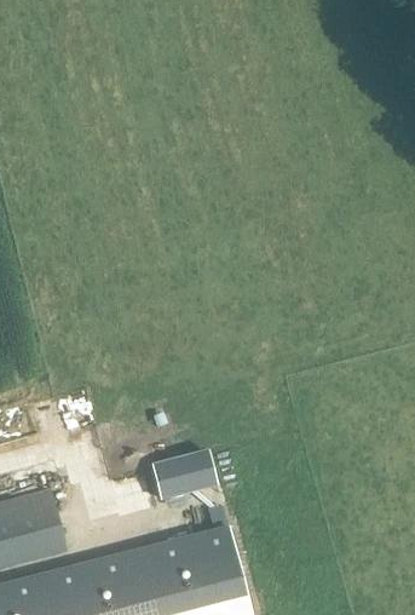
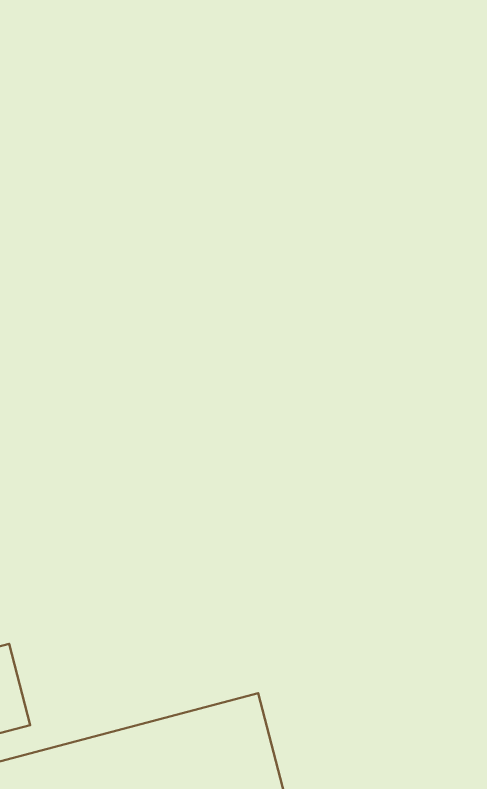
building: [152,449,217,492] -> none

